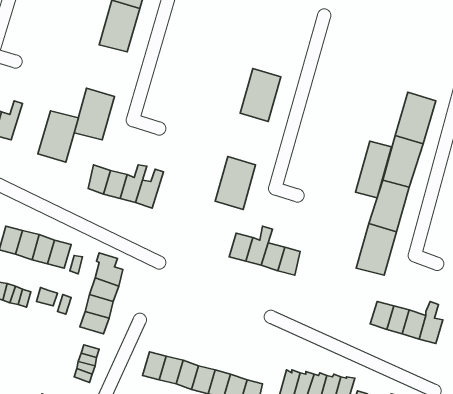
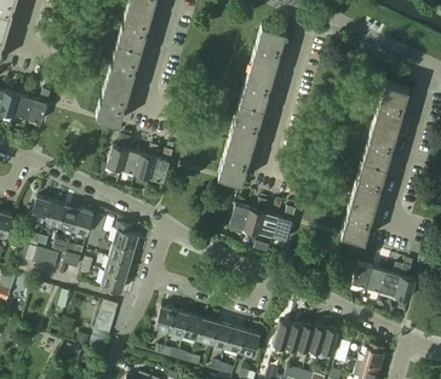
building: none -> [251,24,286,69]
building: [38,111,78,162] -> [107,41,142,86]
building: none -> [229,101,264,145]
building: [355,141,391,198] -> none

